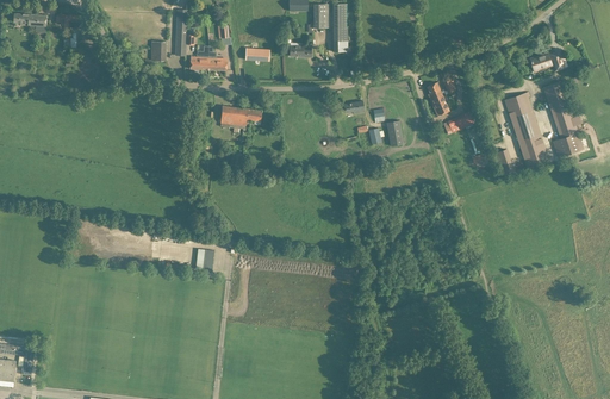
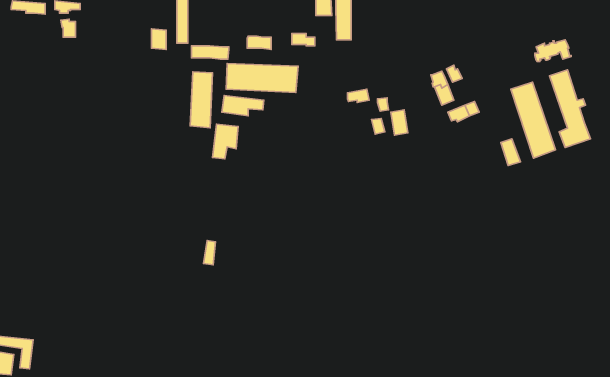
building: none -> [226,63,298,92]
building: none -> [190,72,212,128]
building: none -> [213,124,238,159]

